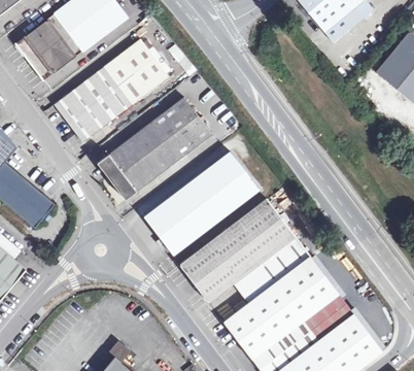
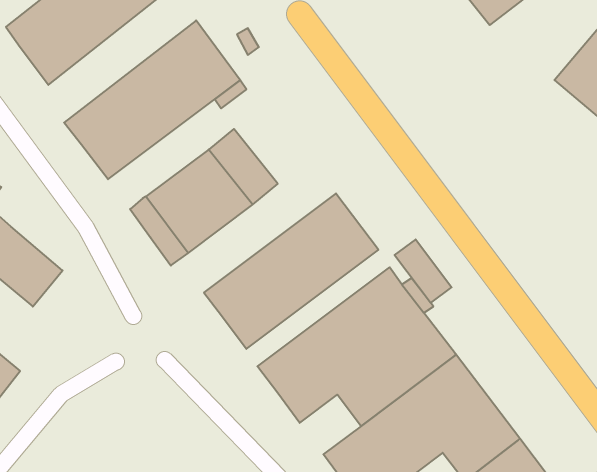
building: [166,92,217,145] -> none
building: none -> [395,239,452,303]

